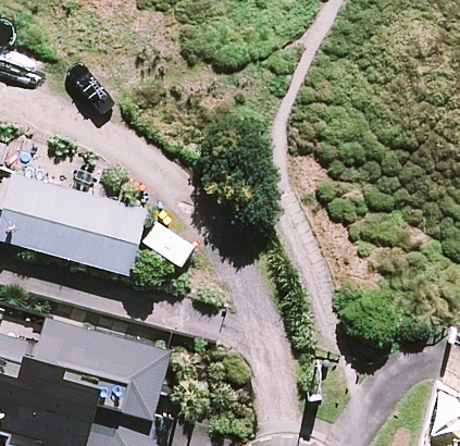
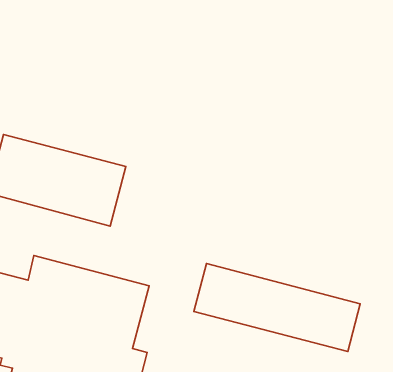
building: none -> [194,264,360,351]

